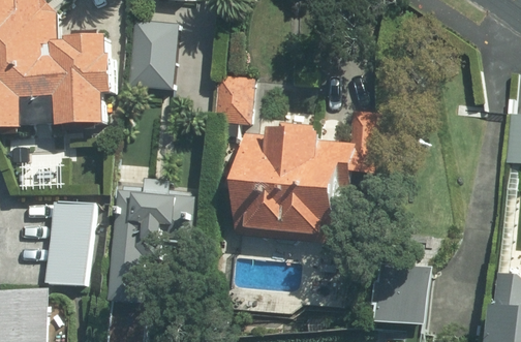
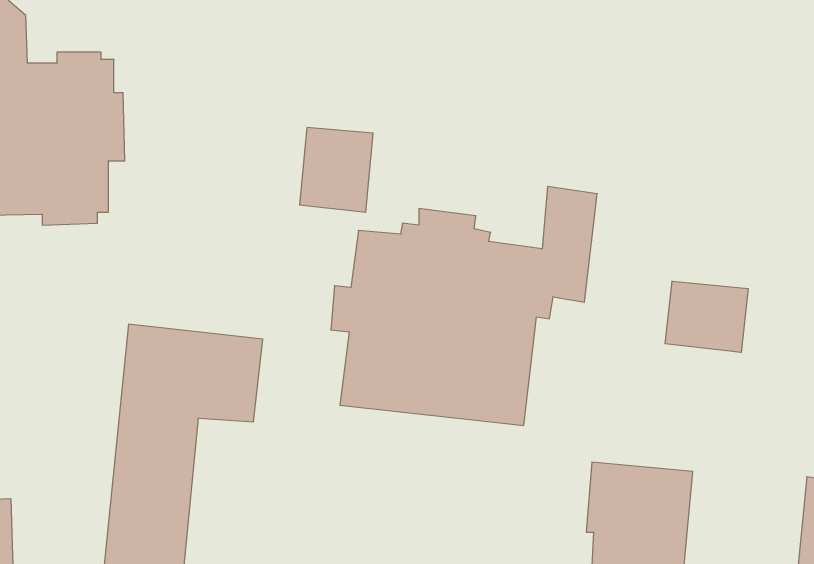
building: [122,17,174,88] -> none
building: none -> [665,281,748,353]
building: [48,196,91,278] -> none

